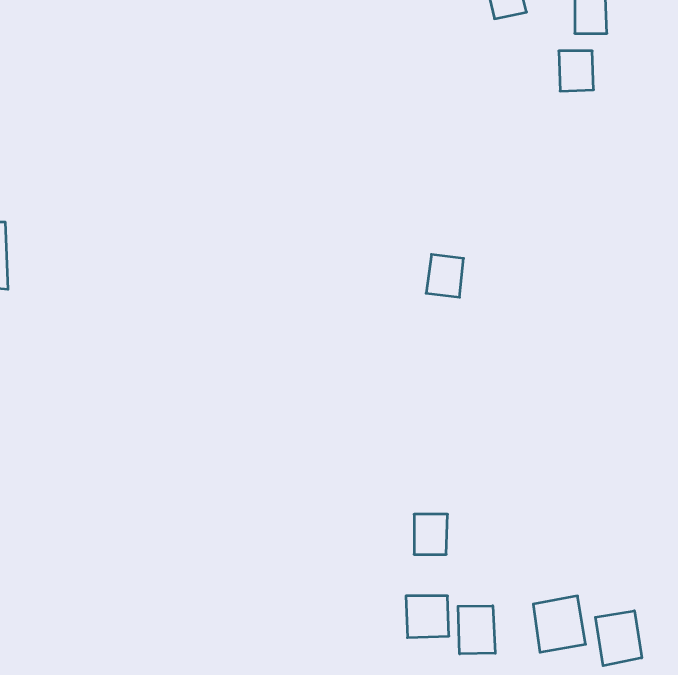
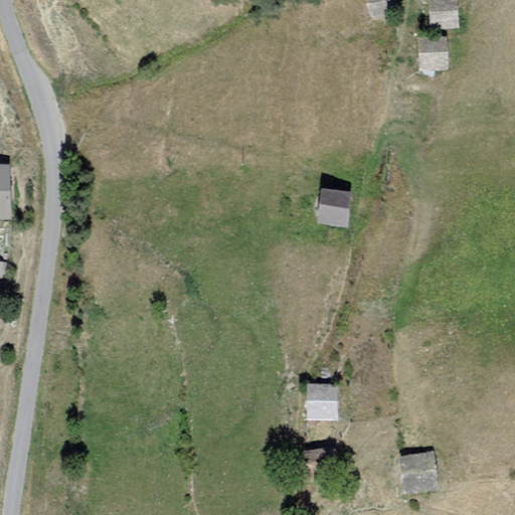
building: [458,606,495,654] -> none
building: [595,611,642,666] -> none

